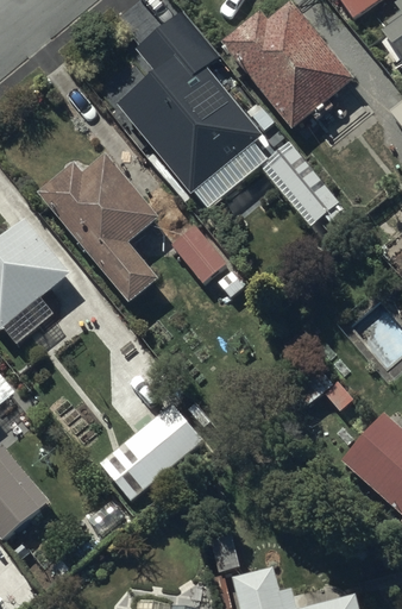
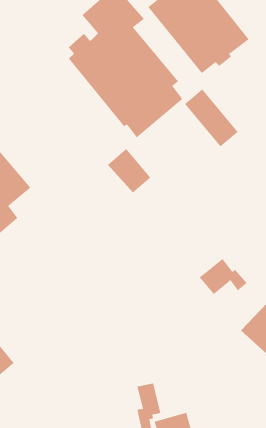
building: [36,153,158,303] -> none
building: [98,398,203,500] -> none

